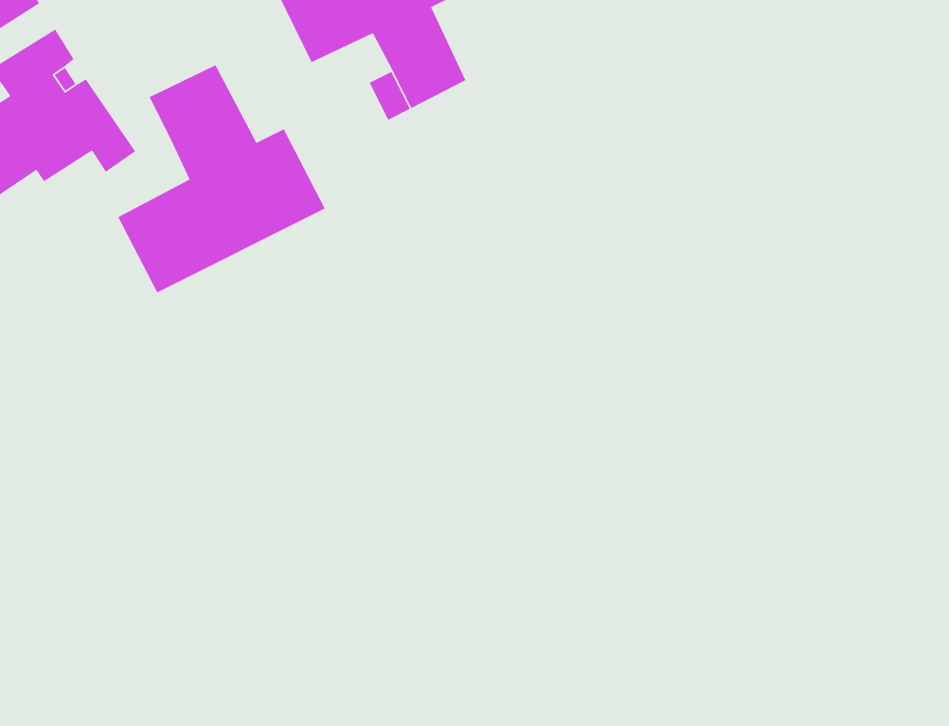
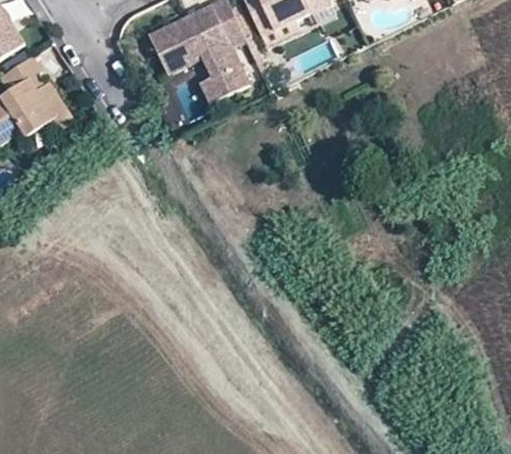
building: [117,64,326,293] -> none

